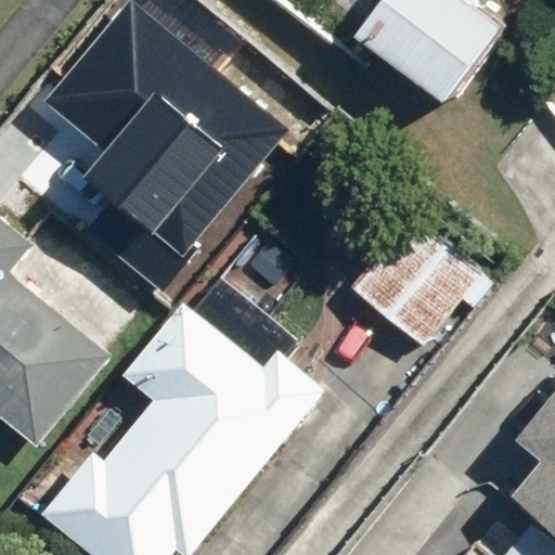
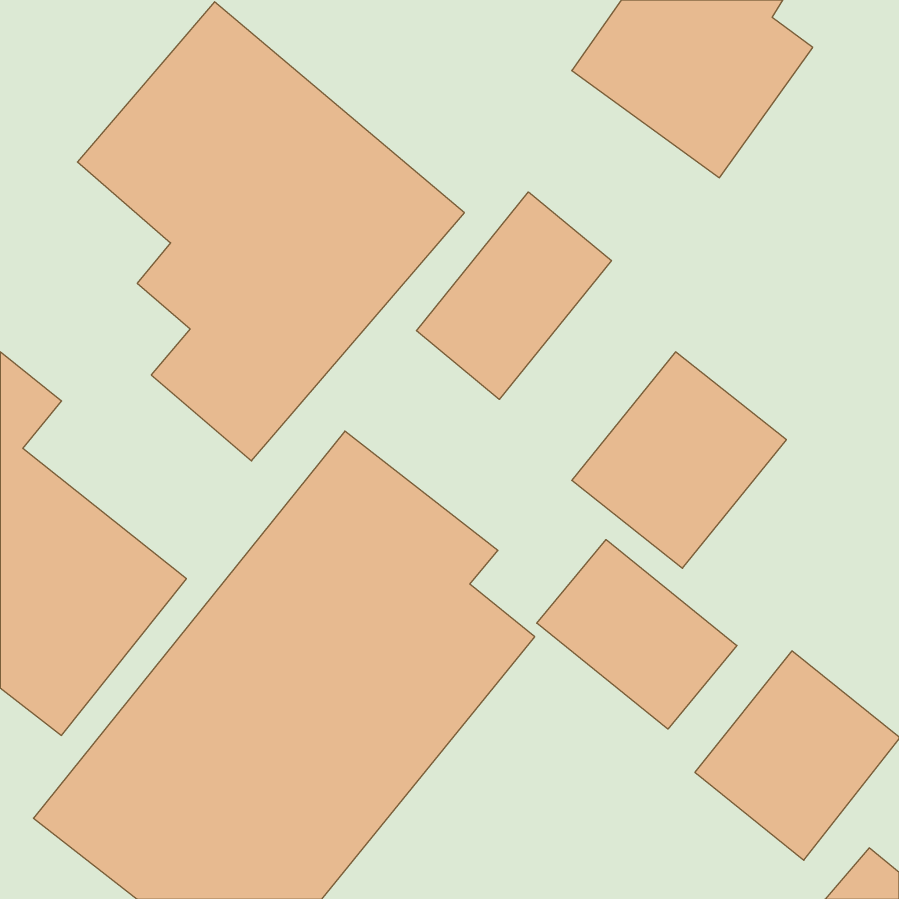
building: none -> [416,192,611,399]
building: none -> [537,540,737,729]

